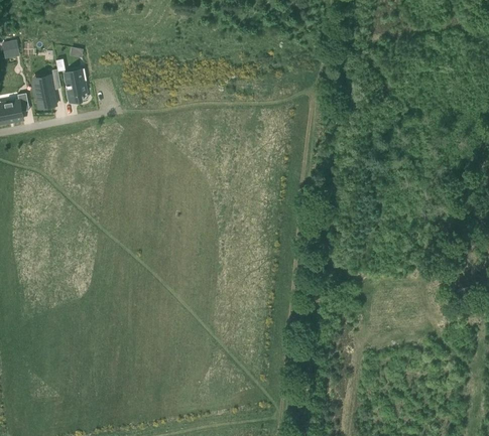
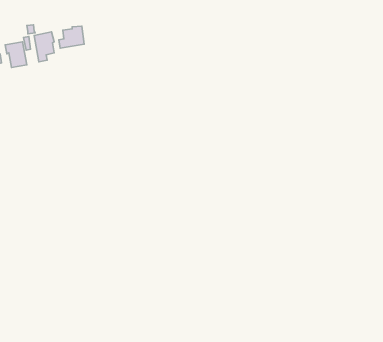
building: none -> [59,26,84,48]

